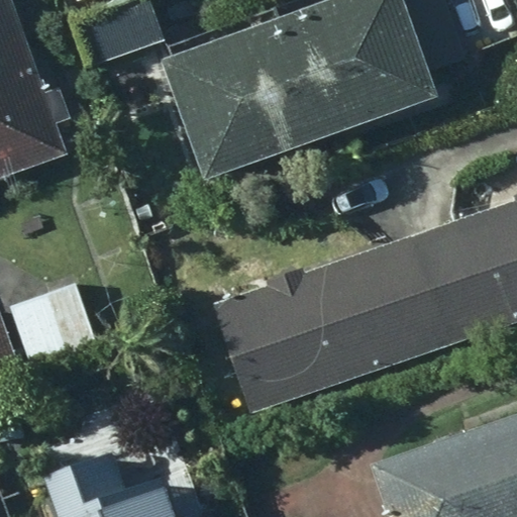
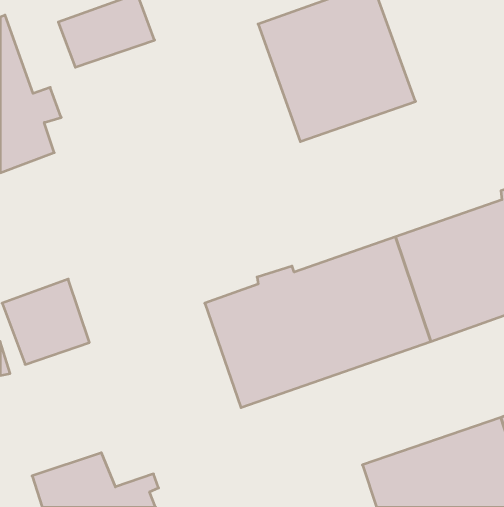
building: [152,24,311,183] -> none

